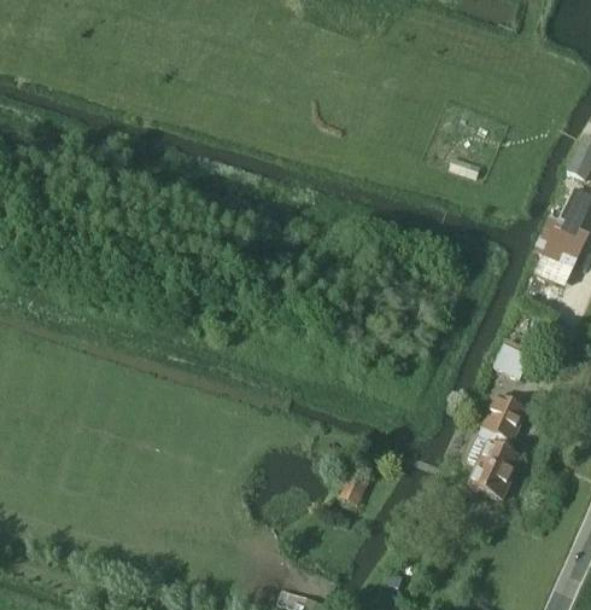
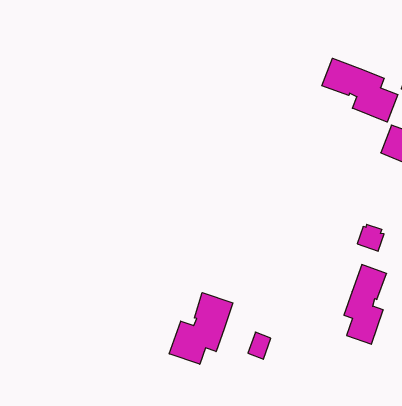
building: none -> [322,58,398,122]
building: none -> [169,293,233,364]

